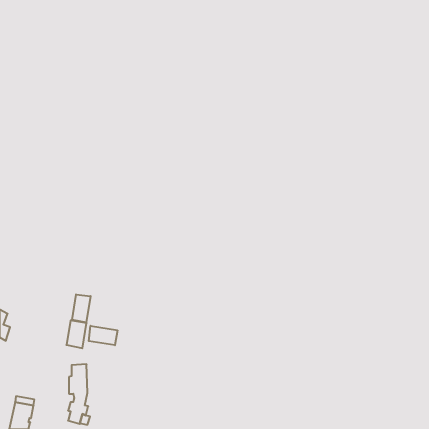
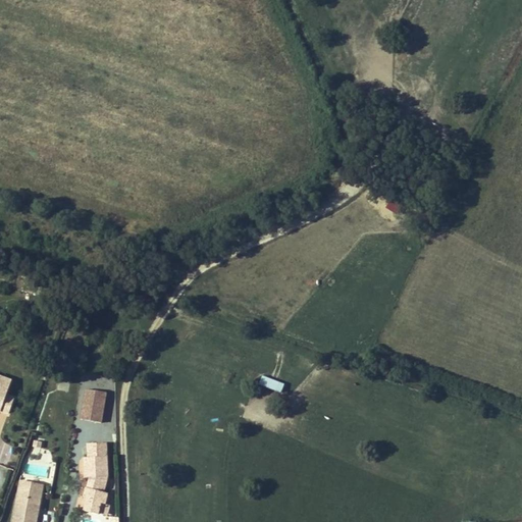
building: [72,294,91,322] -> none
building: [89,326,117,345] -> none

